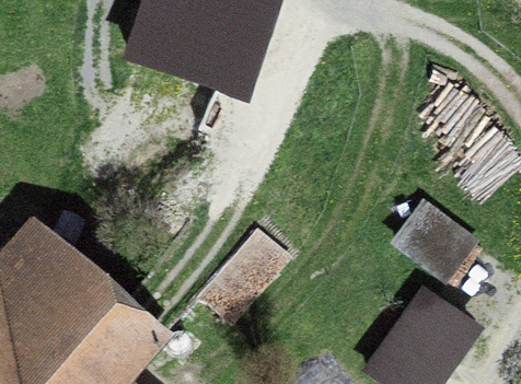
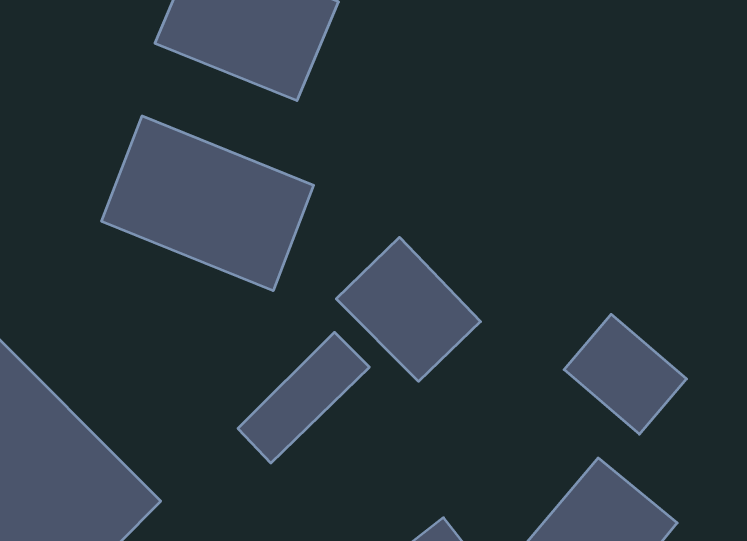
building: none -> [102,116,314,291]
building: none -> [336,237,481,381]

